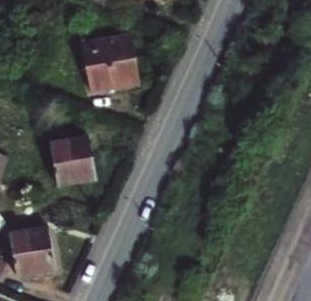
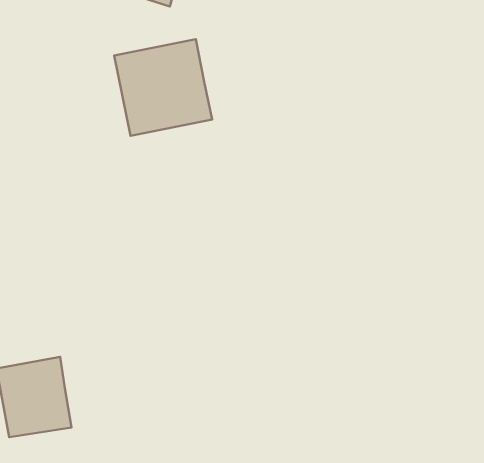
building: [47,136,95,187] -> none

